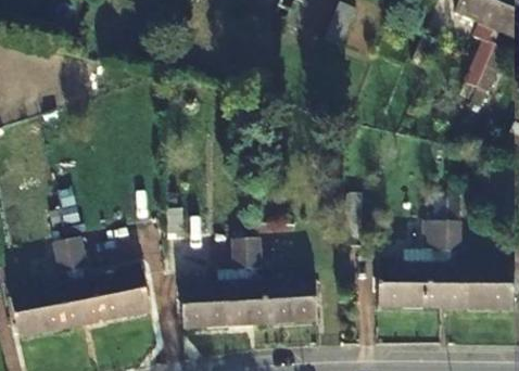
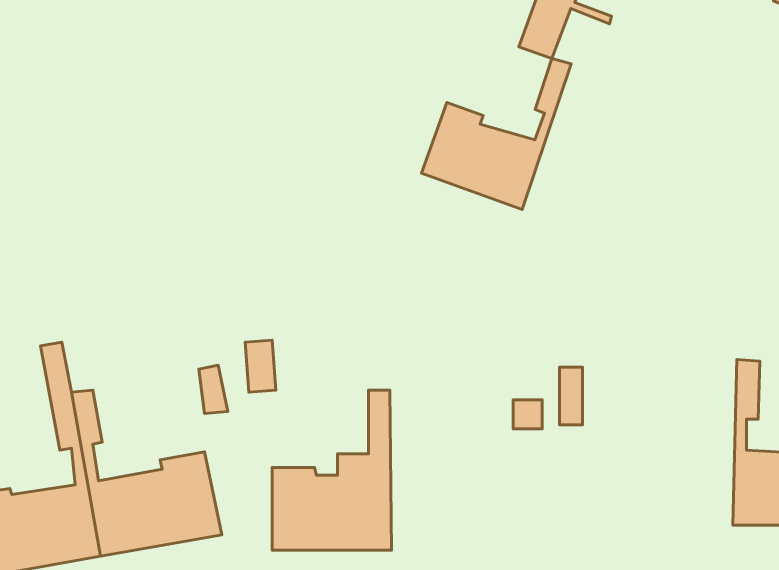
building: none -> [421,59,571,210]
building: [377,215,444,308] -> none
building: [249,232,316,322] -> none

